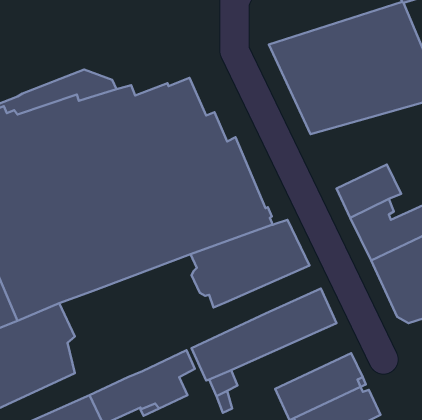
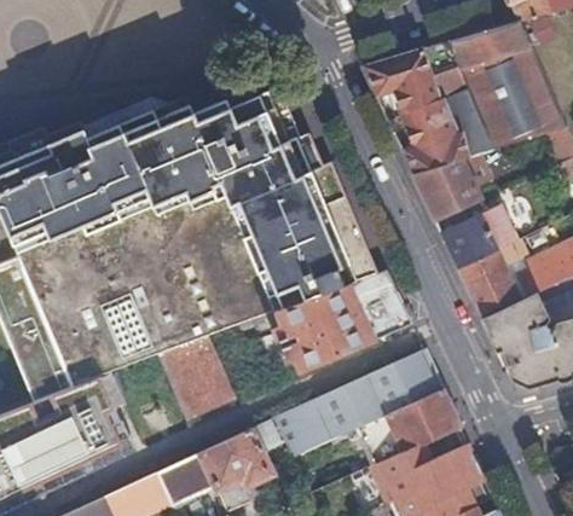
building: none -> [412,150,491,220]
building: none -> [157,334,235,419]
building: none -> [353,388,459,464]

